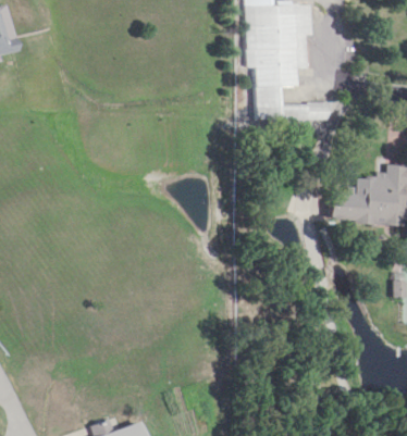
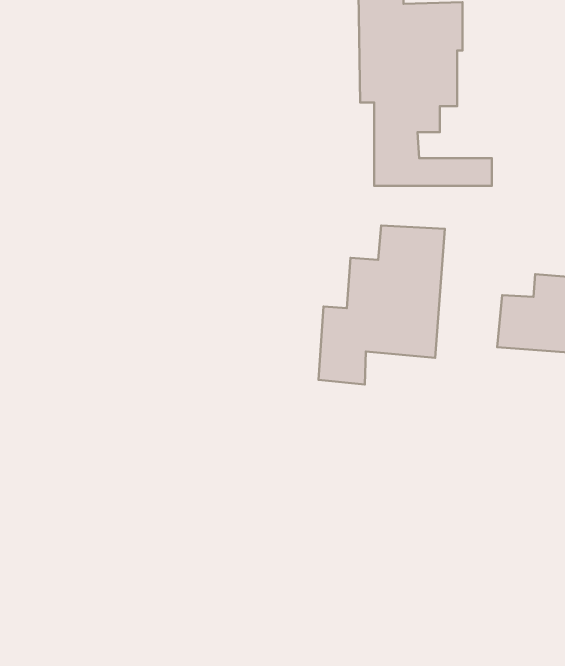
building: none -> [319,225,445,385]

